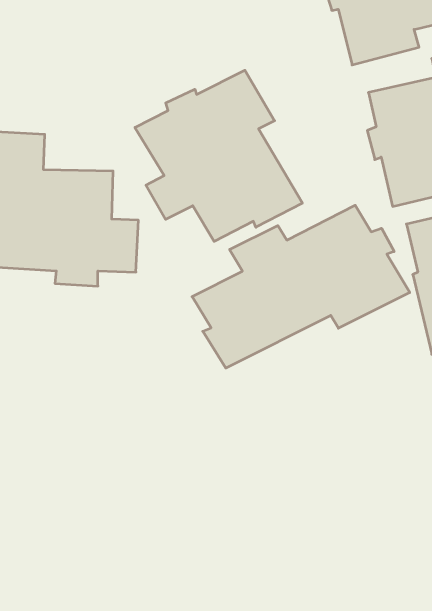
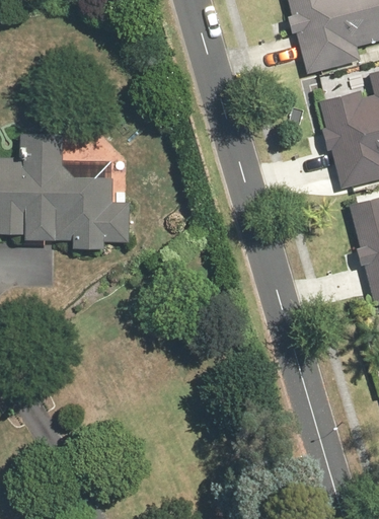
building: [135,70,302,241] -> none
building: [192,205,410,368] -> none

